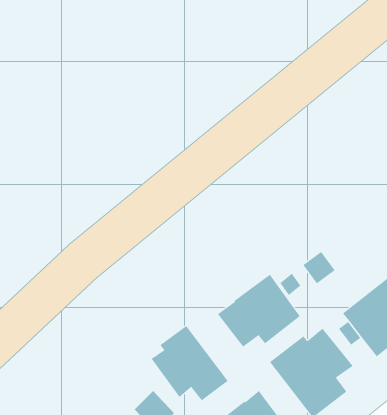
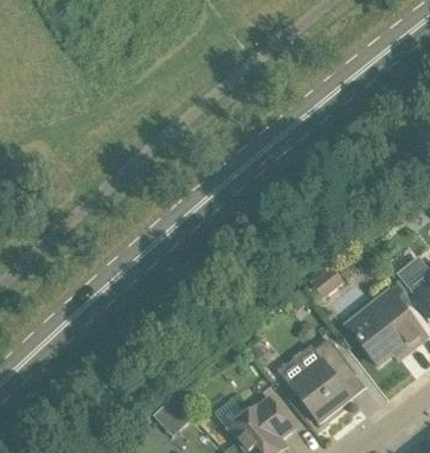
building: [217,274,301,347] -> none
building: [151,325,228,401] -> none

